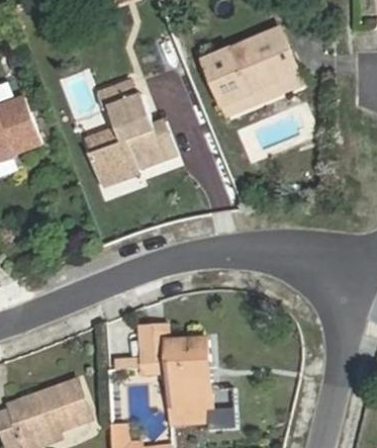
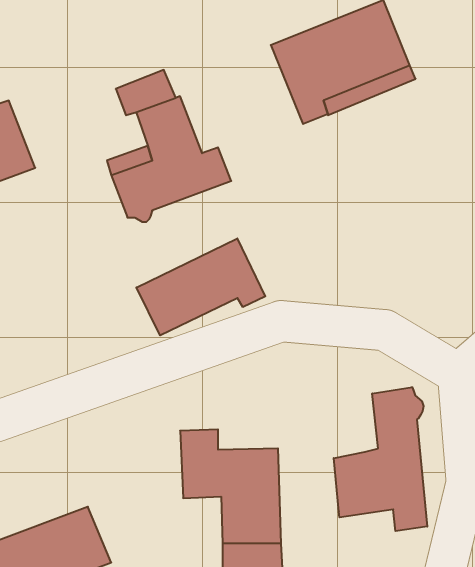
building: none -> [136,238,265,335]
building: none -> [334,387,427,531]

